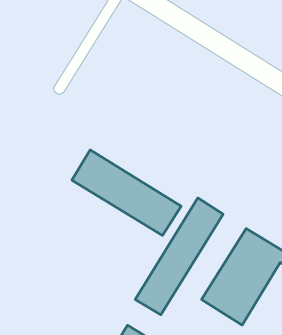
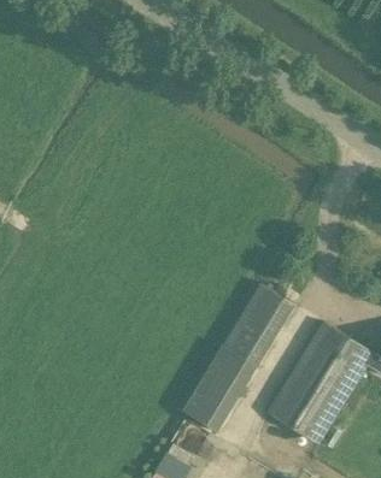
building: [72,150,181,236] -> none

